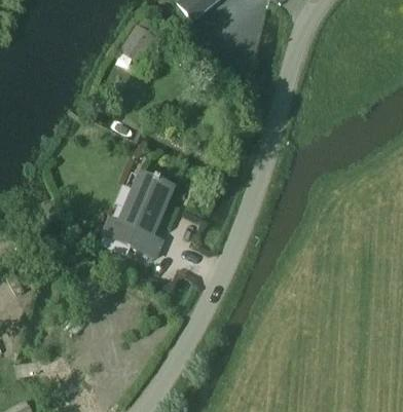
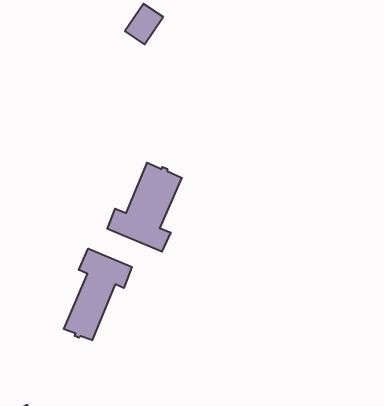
building: none -> [64,249,132,340]

